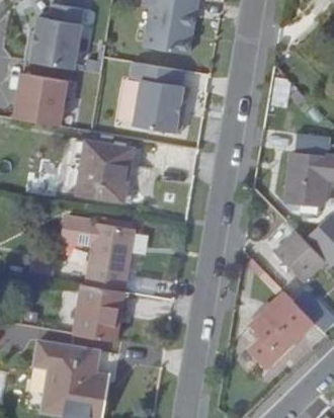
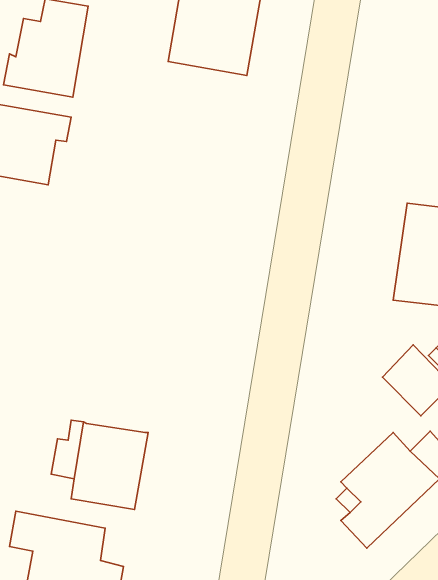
building: [131,61,186,135] -> none
building: [74,141,138,201] -> none
building: [71,215,133,288] -> none

